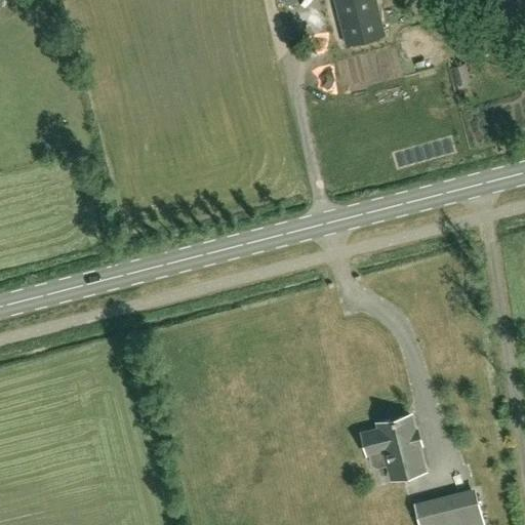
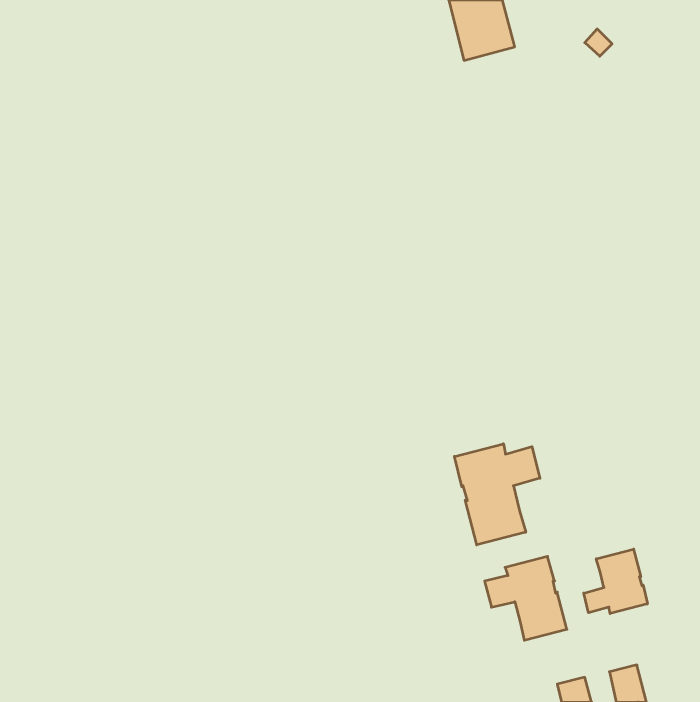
building: none -> [454,444,540,545]
building: none -> [584,549,647,614]

